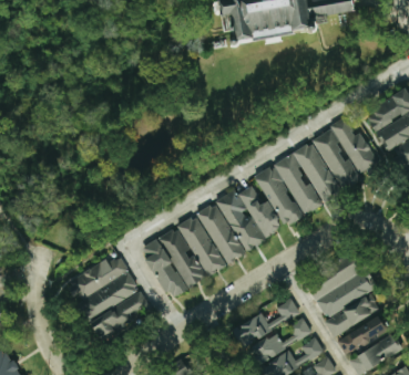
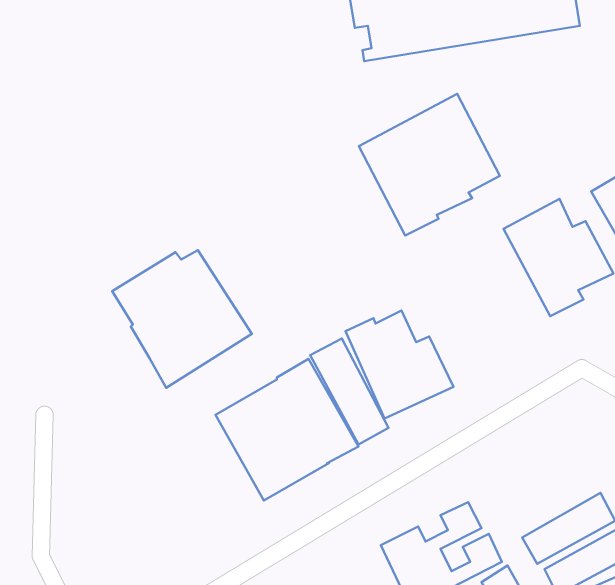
building: [254,143,338,227] -> [359,94,500,235]
building: [67,258,150,340] -> [112,250,252,388]
building: [309,263,371,317] -> none

